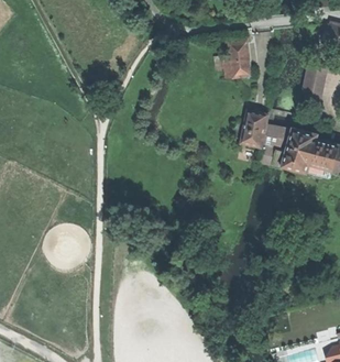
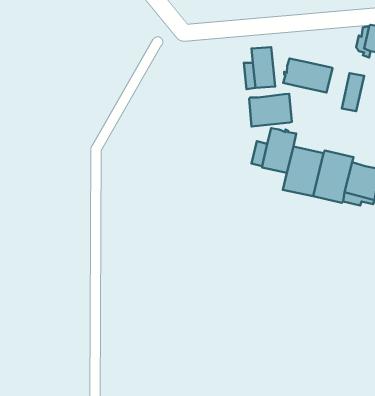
building: none -> [283,58,333,92]
building: none -> [249,94,292,127]

